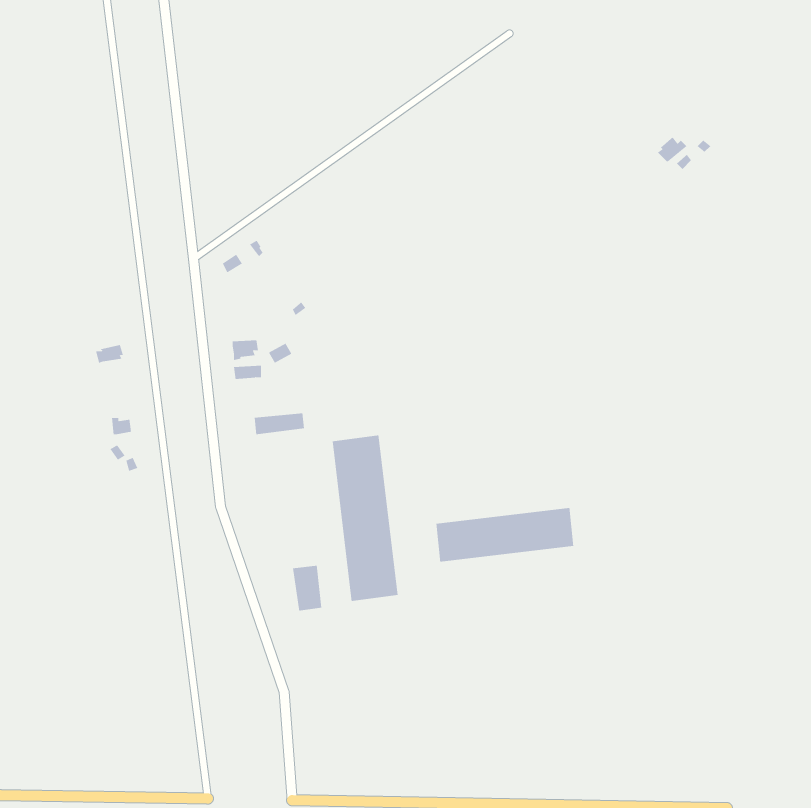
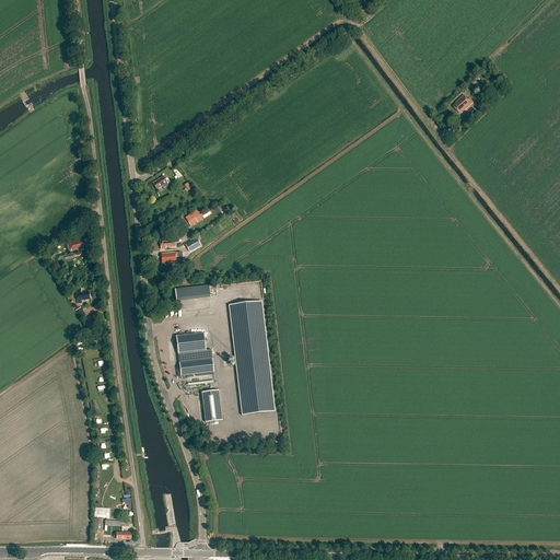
building: none -> [176,330,213,375]
building: [436,507,574,563] -> none

